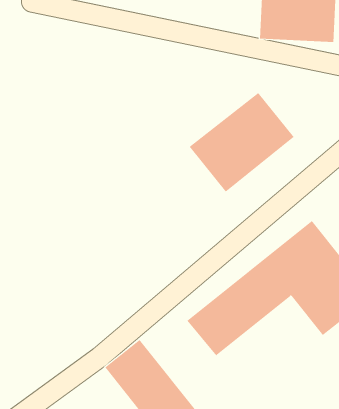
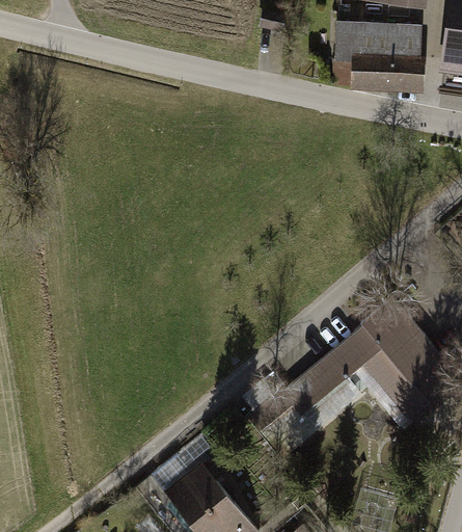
building: [189,92,294,192] -> none

